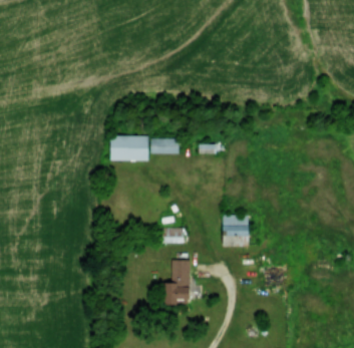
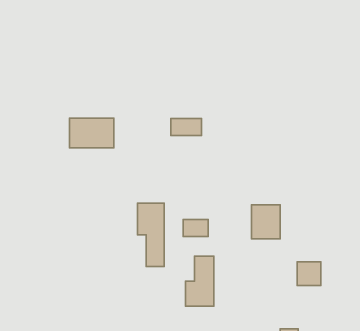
building: [109,134,148,160] -> [69,118,114,148]
building: none -> [137,203,164,267]

